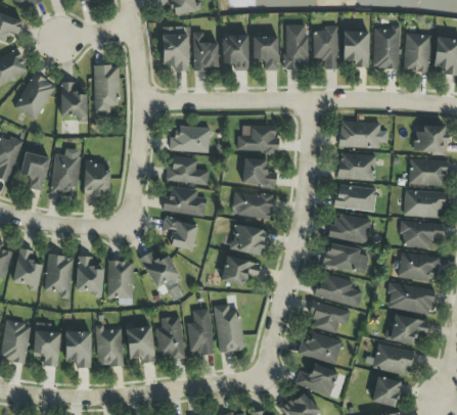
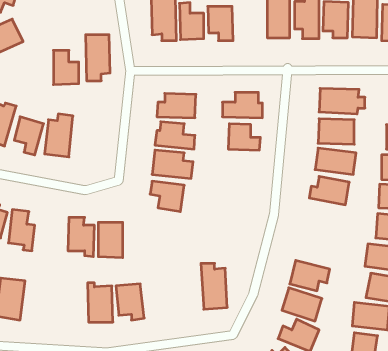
building: [253,36,279,71] -> none
building: [13,73,55,121] -> none
building: [84,160,110,195] -> none
building: [232,192,273,219] -> none
building: [229,224,268,257] -> none
building: [323,243,369,274] -> none
building: [139,250,179,288] -> none
building: [45,256,73,294] -> none
building: [221,256,260,286] -> none
building: [316,274,362,306] -> none
building: [187,308,214,356] -> none
building: [157,317,184,360] -> none
building: [34,323,60,368] -> none
building: [65,331,92,368] -> none

